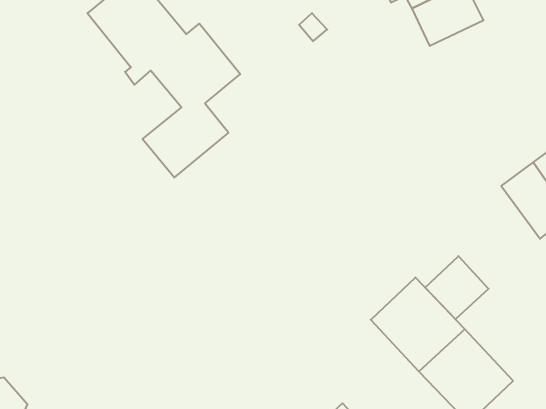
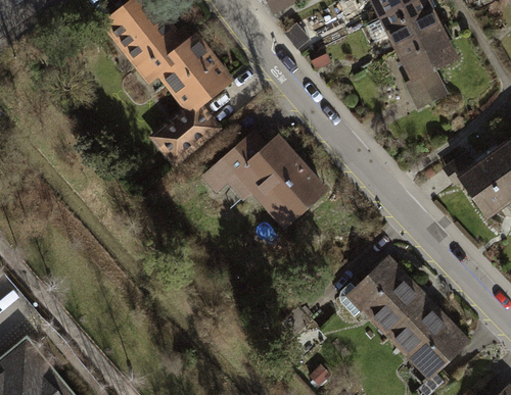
building: none -> [398,32,460,108]
building: none -> [200,129,332,232]
building: [425,256,489,319] -> none

